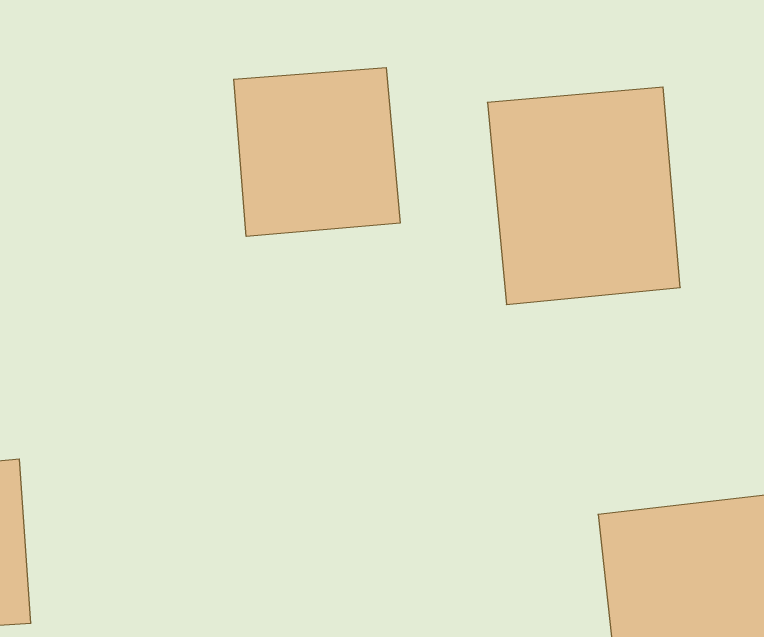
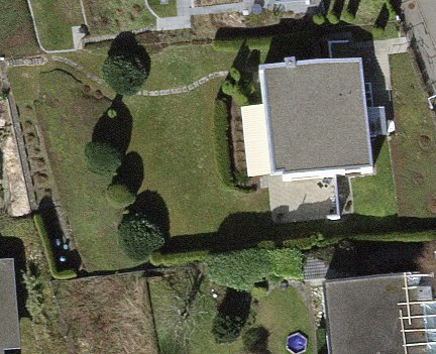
building: [234,68,400,236] -> none

